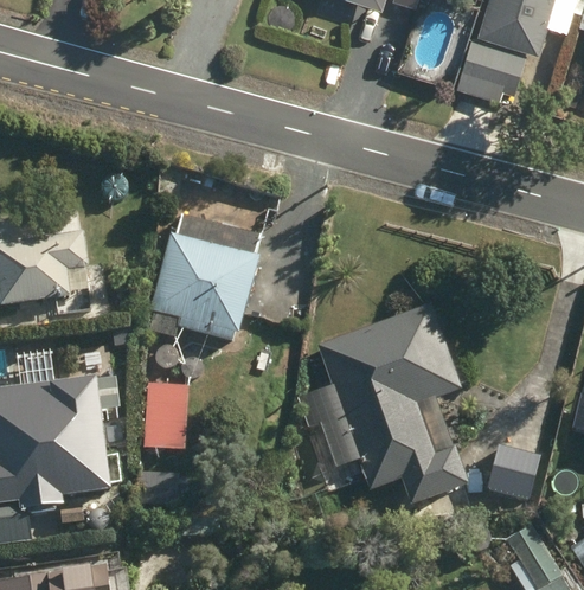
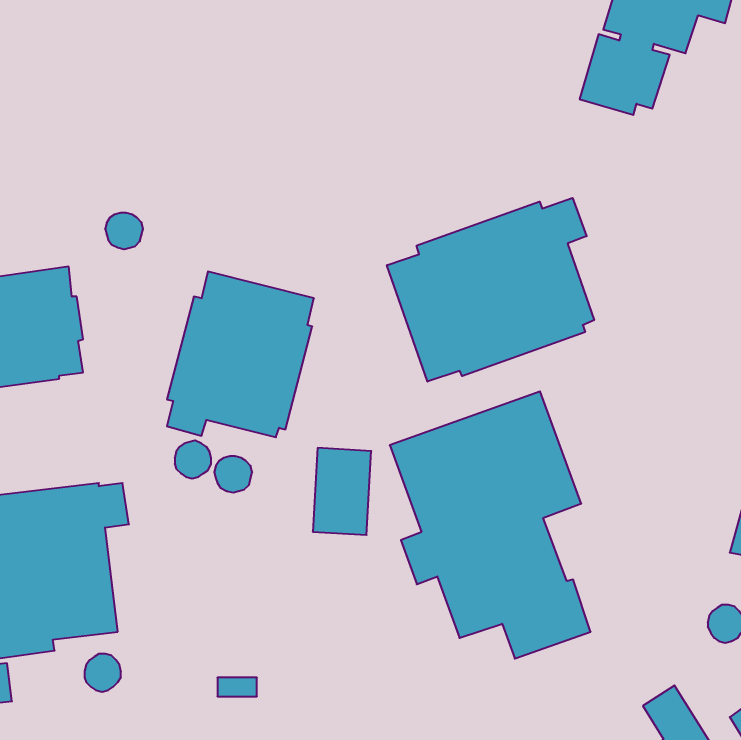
building: none -> [387,198,594,382]
building: [142,386,186,451] -> [313,448,371,535]
building: [483,447,538,512] -> none

